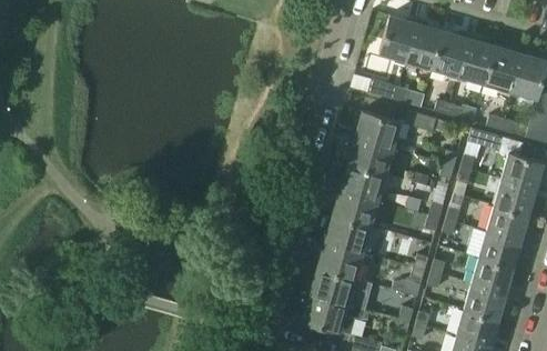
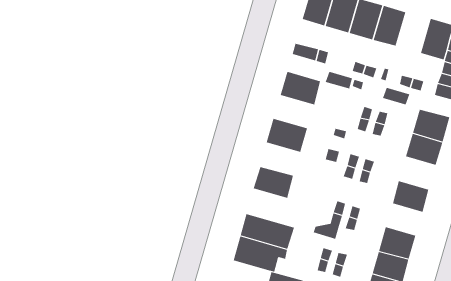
building: [484,46,521,91] -> none
building: [347,138,394,174] -> none
building: [333,190,378,227] -> none
building: [486,205,528,242] -> none
building: [317,241,364,280] -> none
building: [472,258,514,293] -> none

